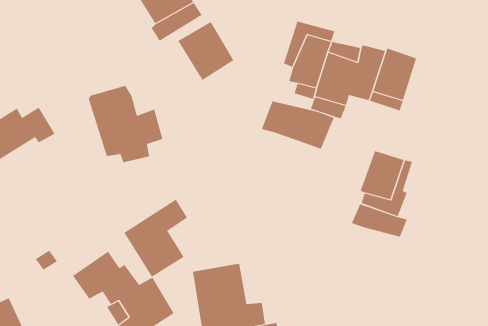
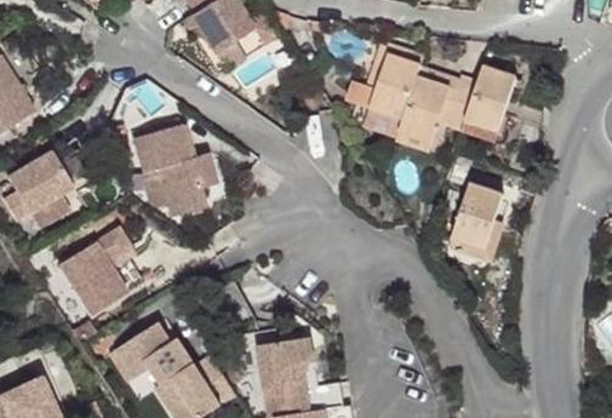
building: [178,21,234,81] -> none
building: [261,100,334,149] -> none
building: [124,199,188,278] -> [56,222,131,314]
building: [351,203,407,237] -> none

